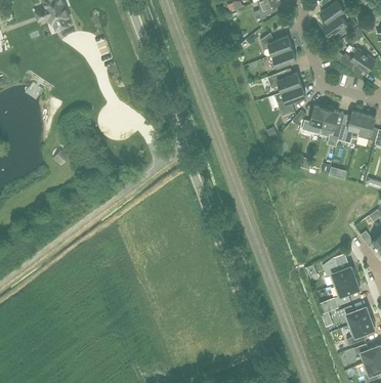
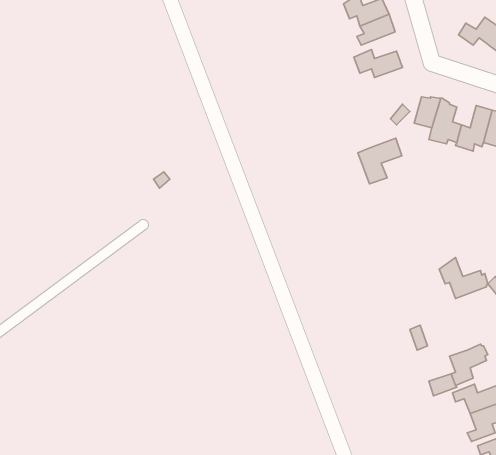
building: [274,85,305,117] -> [358,138,402,184]
building: [323,257,356,286] -> [439,257,488,299]

